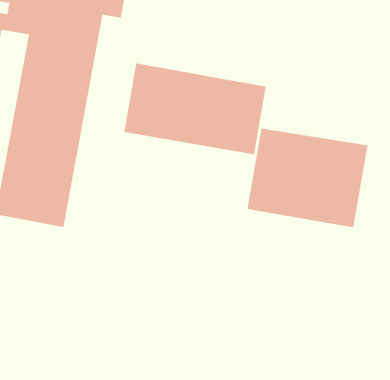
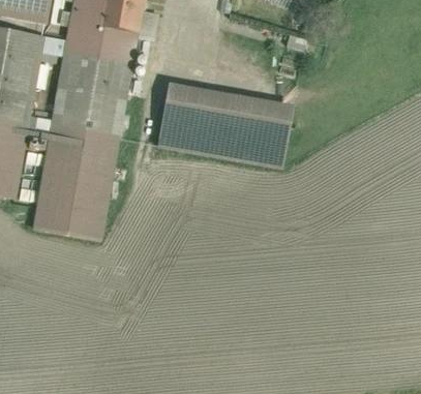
building: [247,128,368,228] -> none

